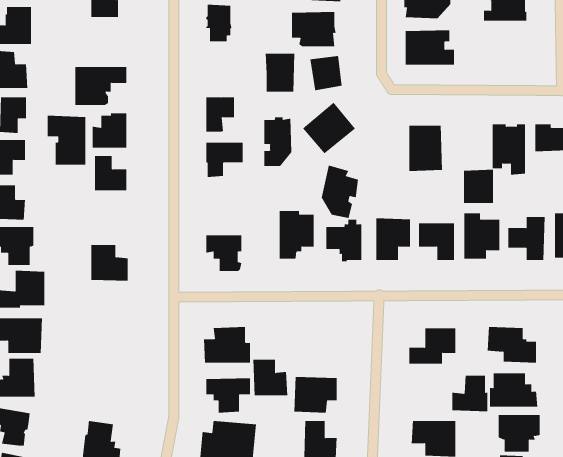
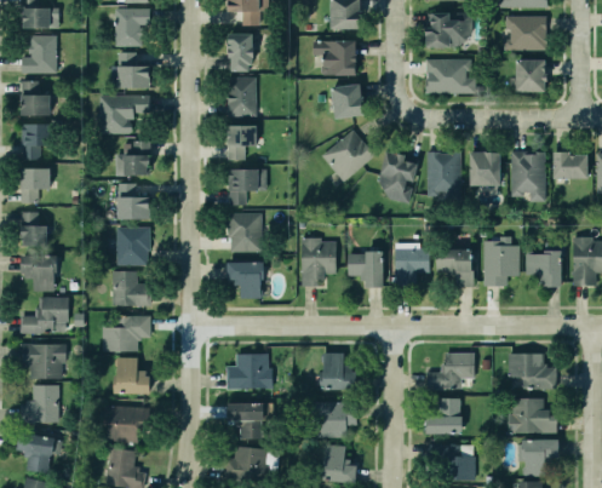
building: none -> [110,52,150,87]
building: none -> [517,61,547,92]
building: [265,53,295,92] -> [227,77,257,116]
building: [47,115,86,166] -> none
building: [264,116,292,167] -> none
building: [321,165,359,219] -> [379,149,417,202]
building: [463,169,494,203] -> [470,151,500,185]
building: none -> [227,212,262,252]
building: none -> [116,226,150,265]
building: none -> [103,316,153,352]
building: none -> [114,357,150,394]
building: [253,359,288,396] -> [322,354,357,390]
building: [452,375,488,412] -> [425,398,461,435]
building: none -> [107,407,143,442]

